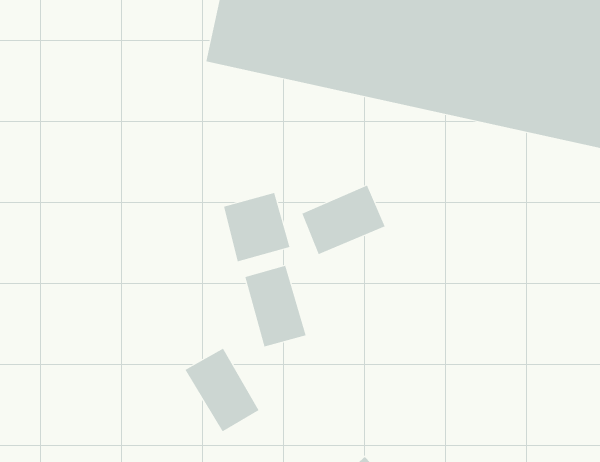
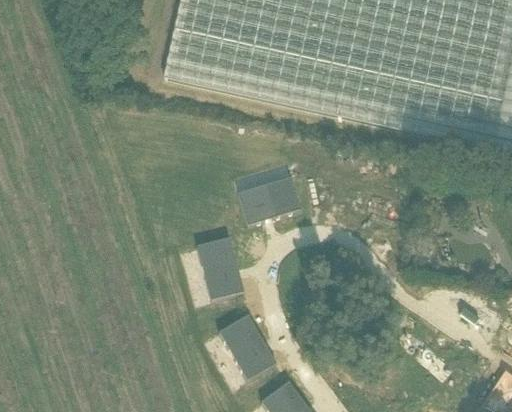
building: [224,192,290,262] -> none
building: [184,348,260,432] -> [218,313,276,378]

